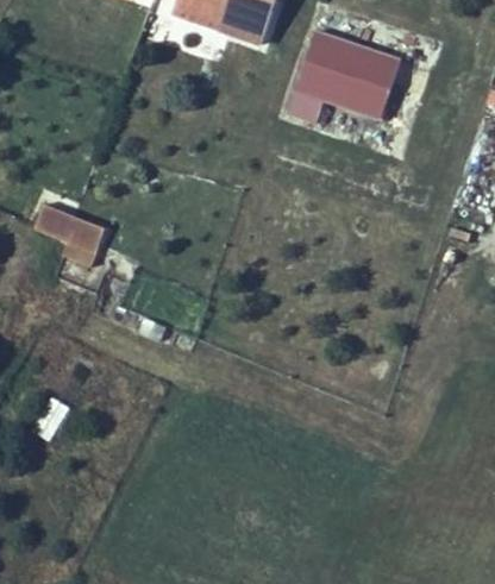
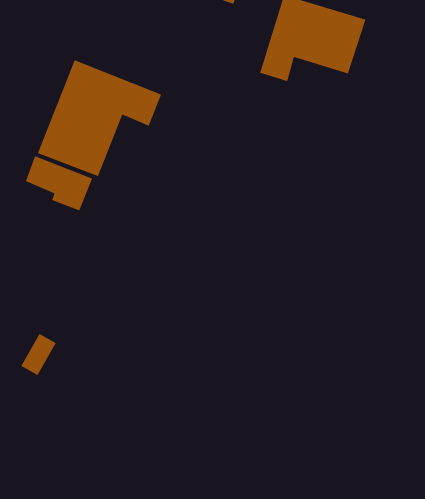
building: none -> [37,59,162,177]

